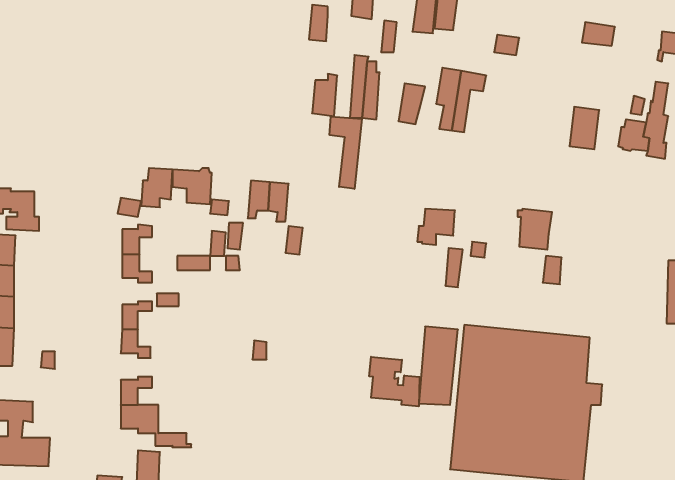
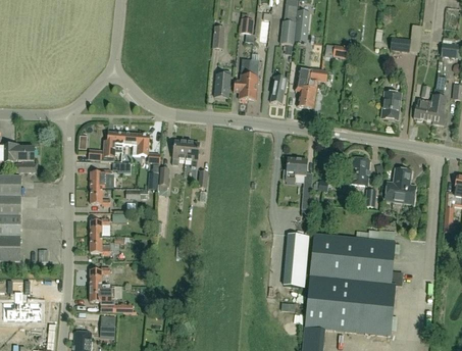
building: [330,116,362,189] -> none
building: none -> [384,168,415,204]
building: [369,357,420,406] -> none

